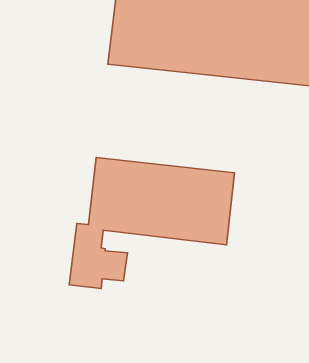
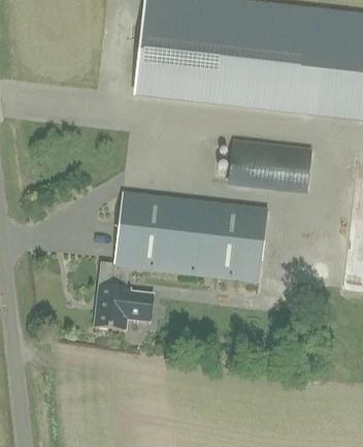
building: none -> [229,145,311,189]

